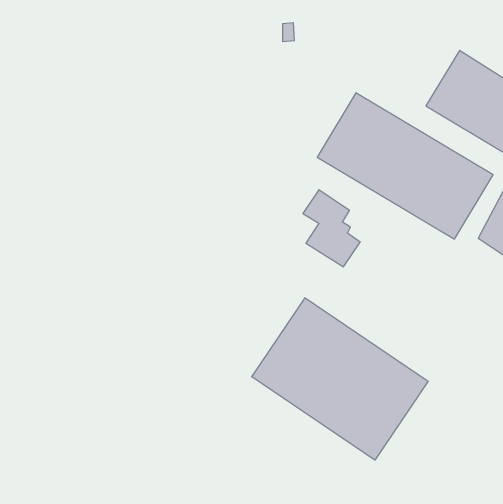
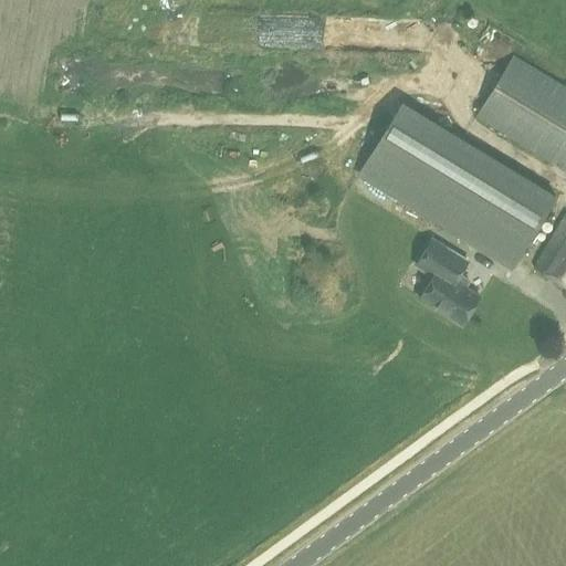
building: [303,190,360,267] -> [420,238,484,324]
building: [252,298,428,460] -> none

